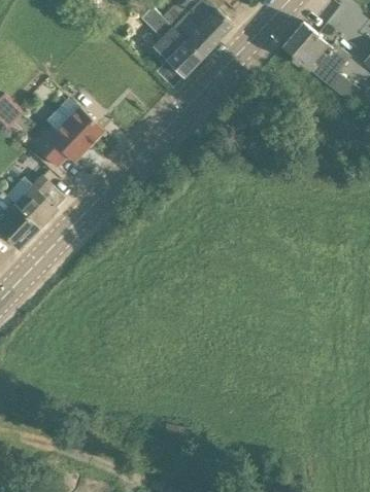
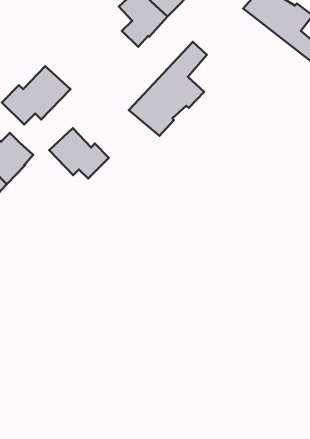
building: none -> [129,42,207,136]
building: none -> [49,128,109,179]

